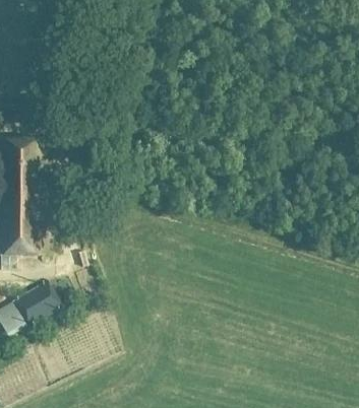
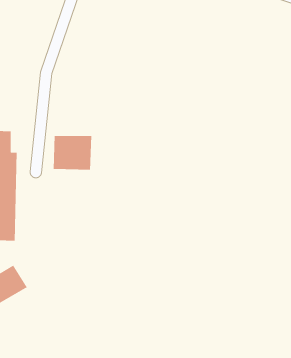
building: none -> [53,135,92,170]

